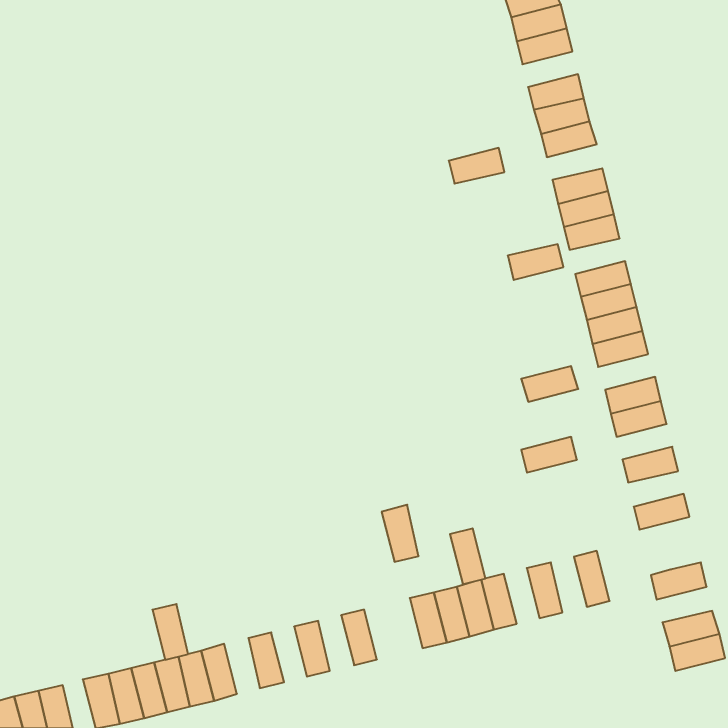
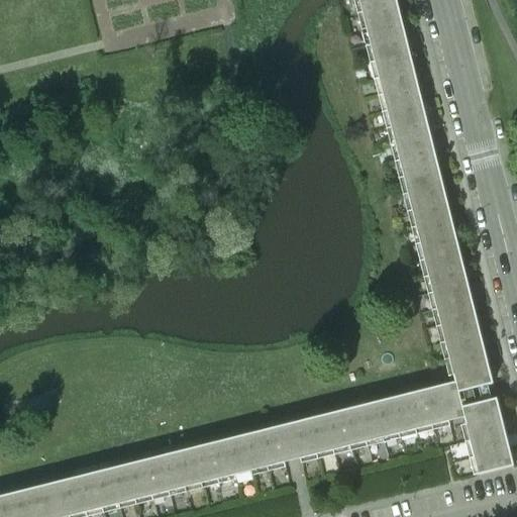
building: none -> [370,36,409,62]
building: [449,148,504,184] -> [387,102,426,127]
building: [508,244,563,280] -> [403,169,442,194]
building: [521,366,578,402] -> [423,250,463,276]
building: [521,437,577,473] -> [436,300,476,325]
building: none -> [444,333,484,358]
building: [382,505,419,562] -> [257,426,284,467]
building: none -> [452,366,492,392]
building: [450,528,486,584] -> [356,402,382,441]
building: none -> [422,386,448,425]
building: none -> [390,394,415,433]
building: none -> [464,415,504,440]
building: [152,604,188,660] -> [159,451,184,491]
building: none -> [225,435,250,475]
building: none -> [192,443,217,483]

